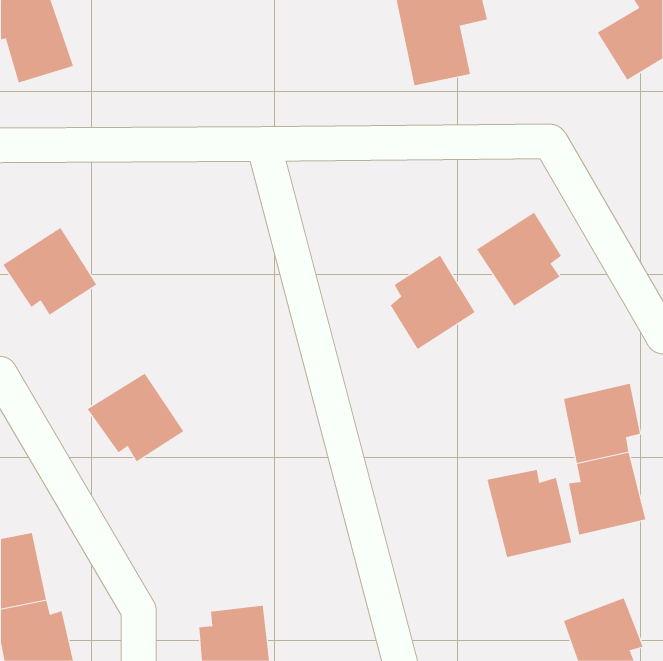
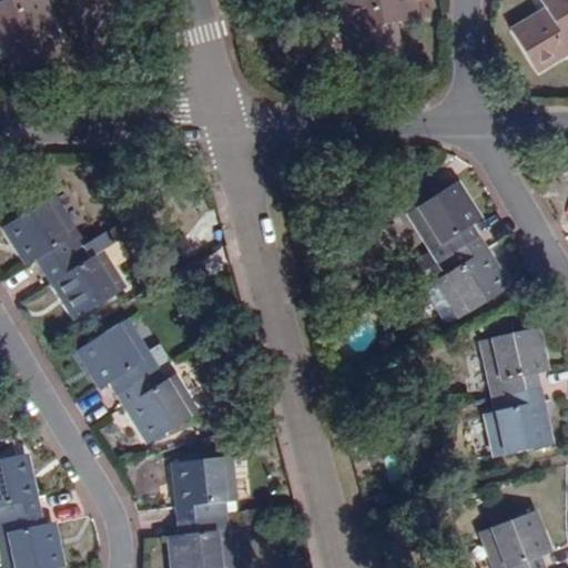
building: [390,255,476,350] -> [436,236,509,317]
building: none -> [42,227,125,318]
building: none -> [116,368,199,443]
building: [487,469,572,558] -> none
building: none -> [172,456,235,523]

